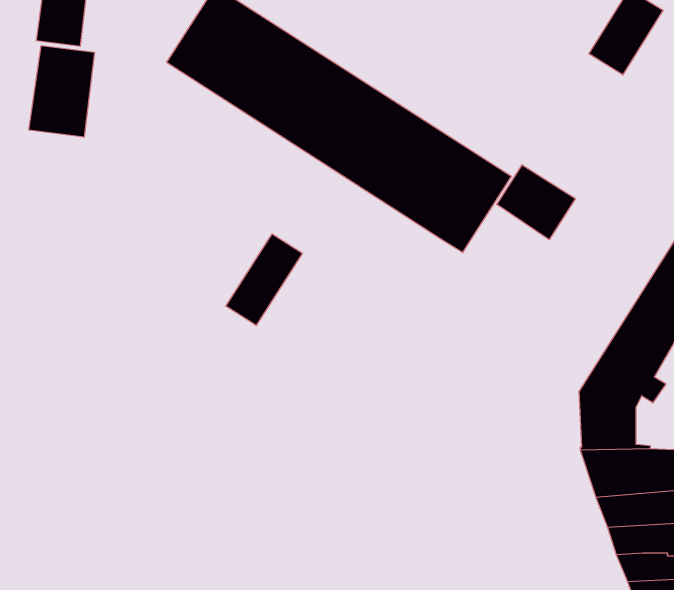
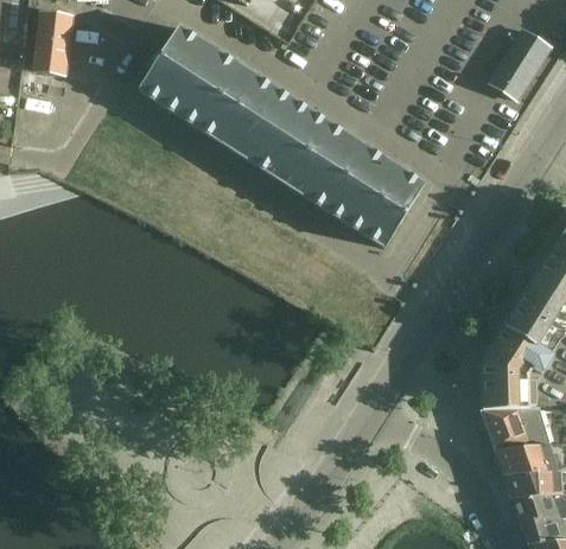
building: [29,46,95,137] -> none
building: [497,165,576,240] -> none
building: [226,234,302,326] -> none

